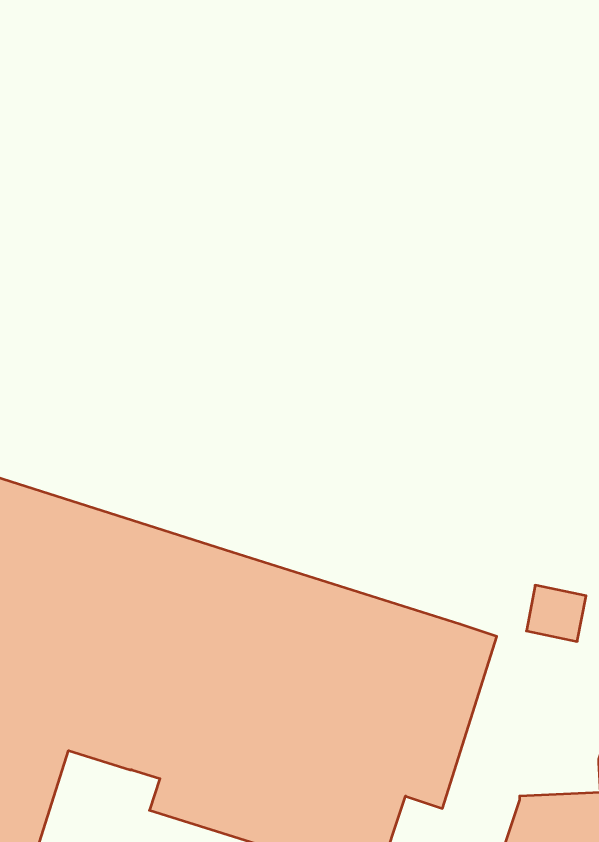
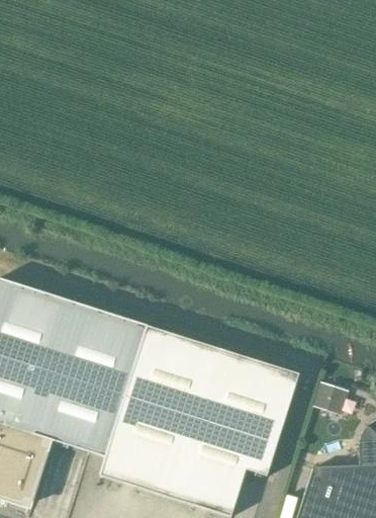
building: [526,585,586,641] -> [314,380,349,413]

